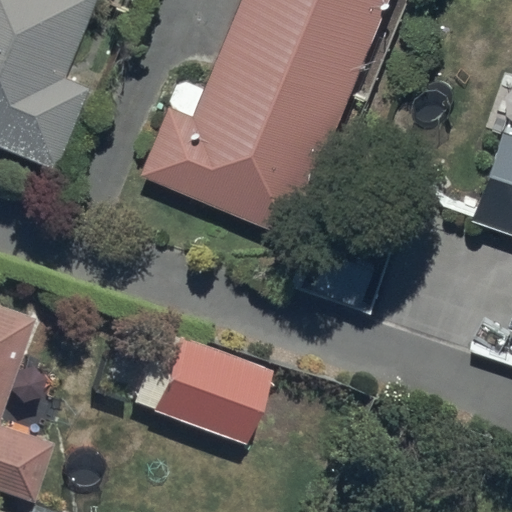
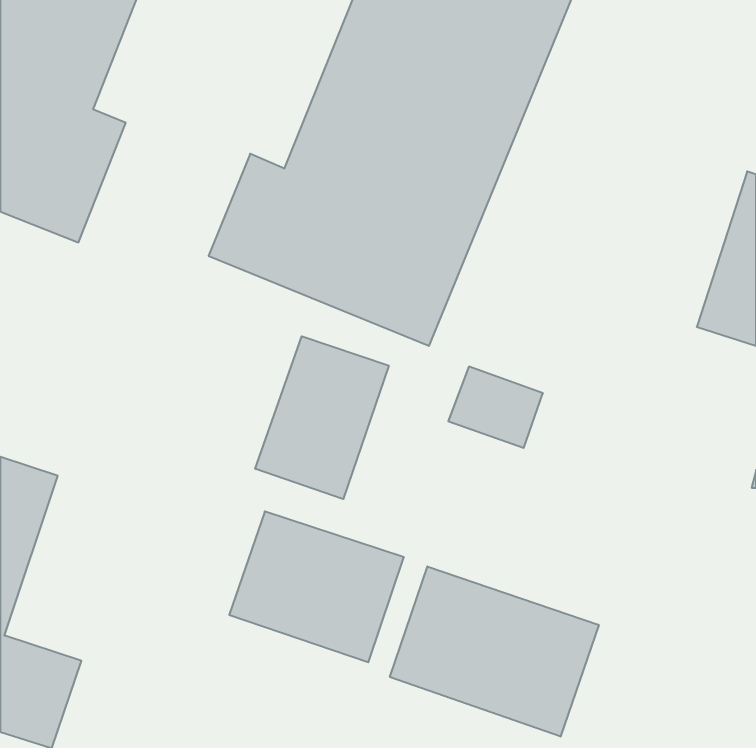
building: none -> [255,336,389,499]
building: none -> [390,566,599,737]

